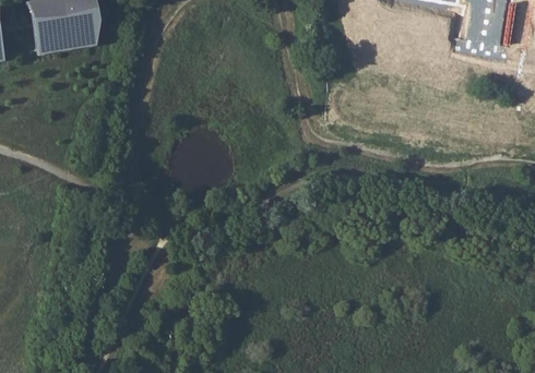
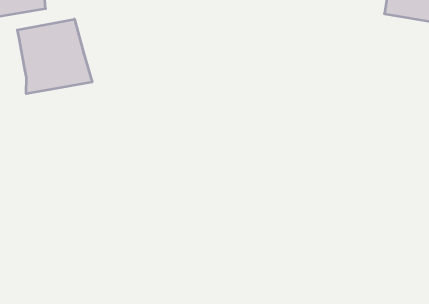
building: none -> [17,19,92,94]

